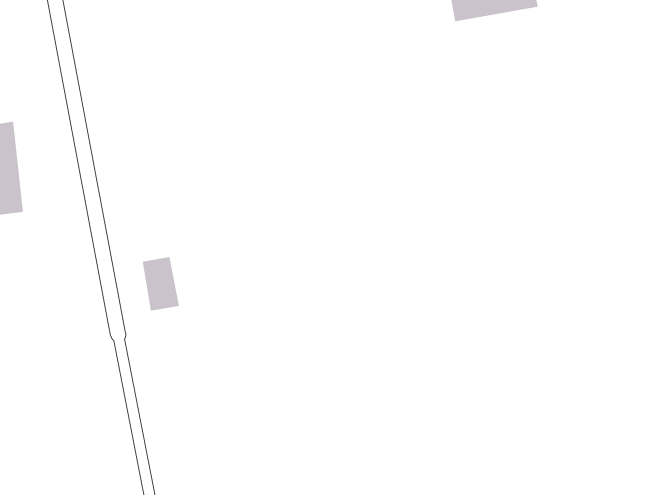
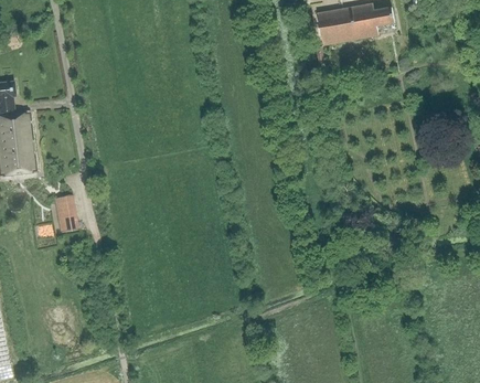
building: [142,257,180,311] -> [53,194,78,231]

